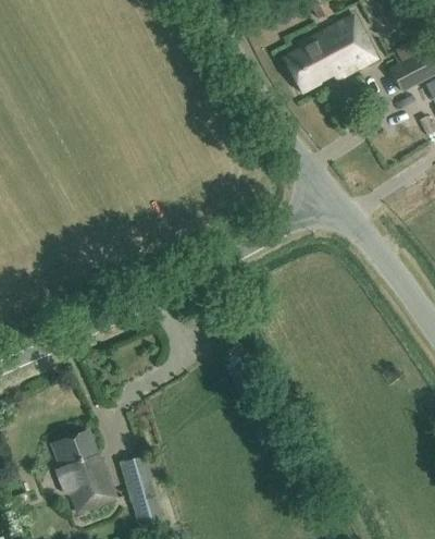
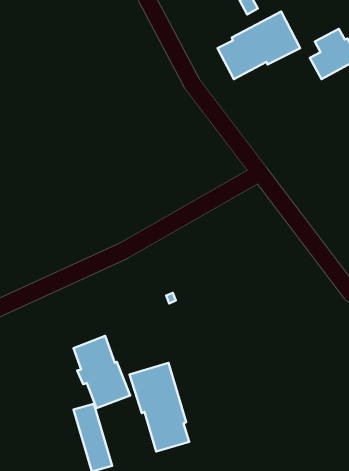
building: none -> [130,363,189,451]
building: [52,431,116,513] -> [73,336,130,408]

